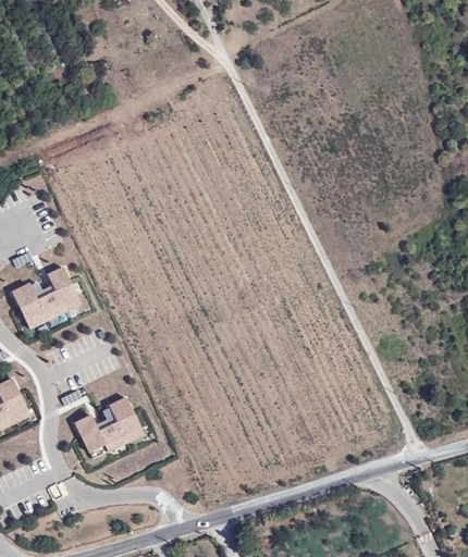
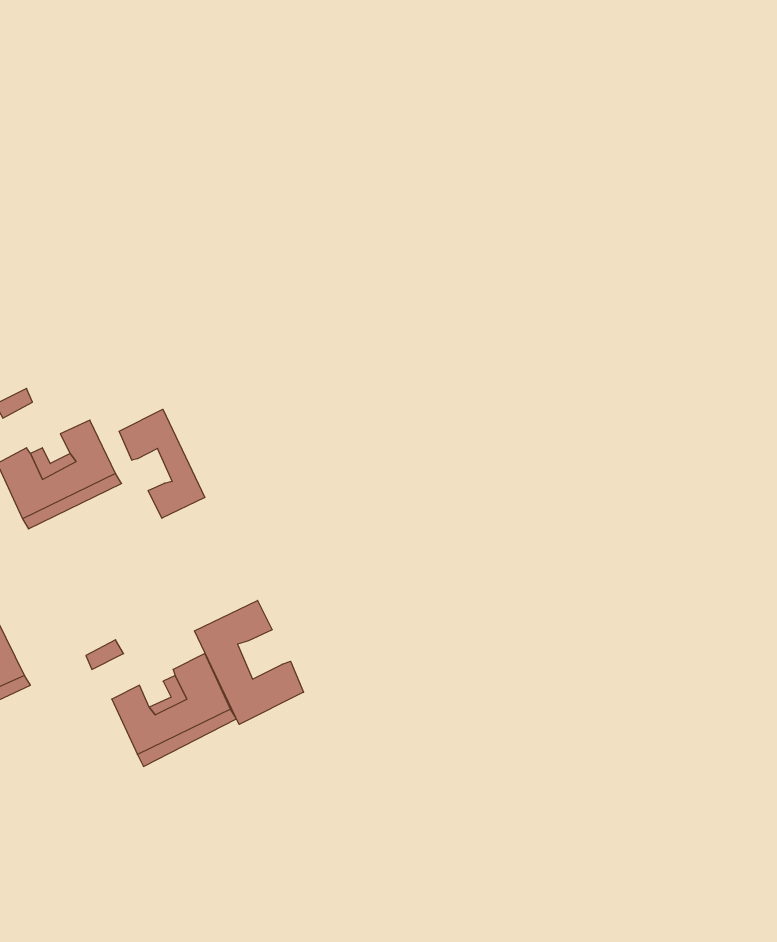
building: none -> [119,409,205,518]
building: none -> [195,600,304,724]

